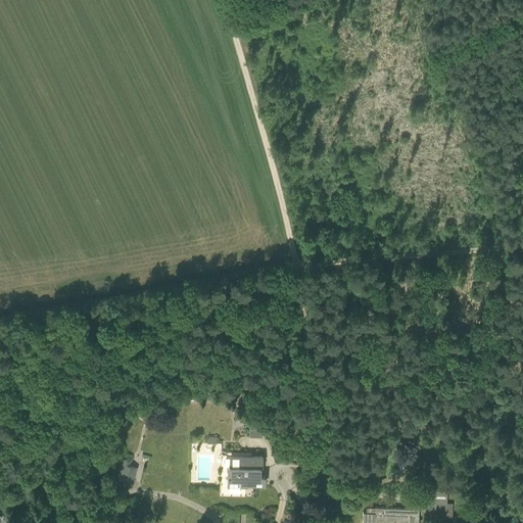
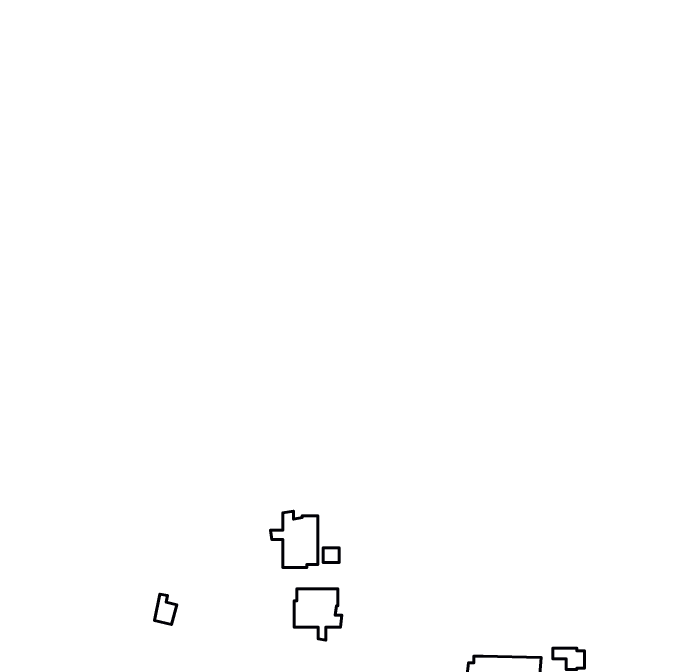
building: none -> [271,511,318,567]

